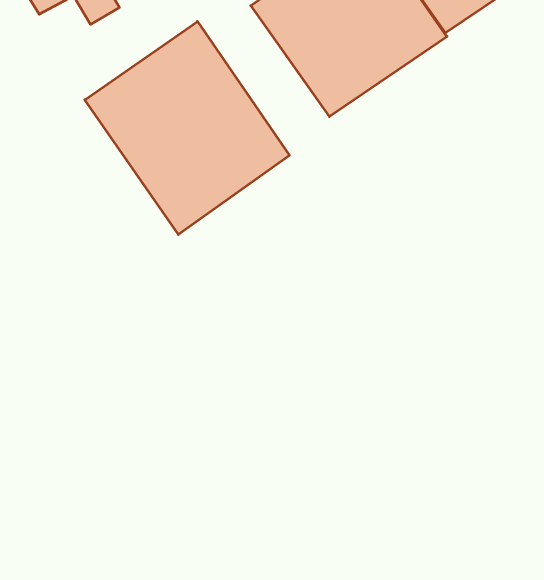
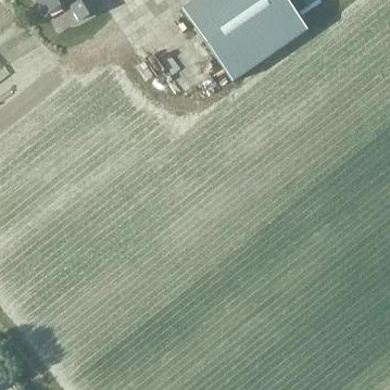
building: [85,21,289,235] -> none

